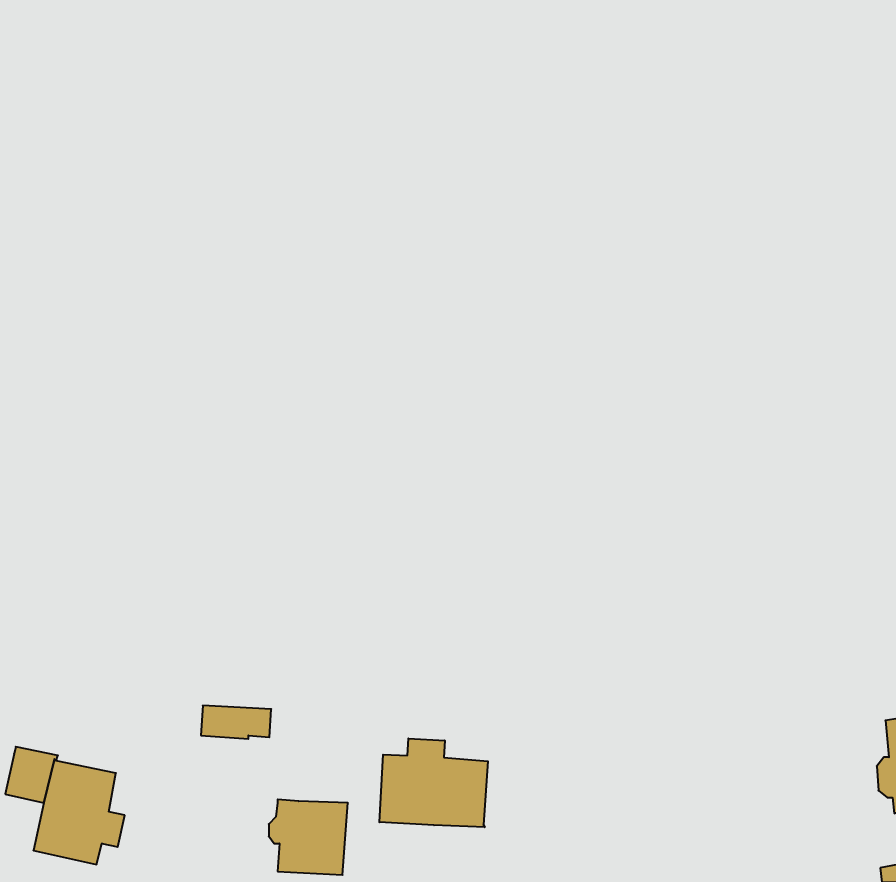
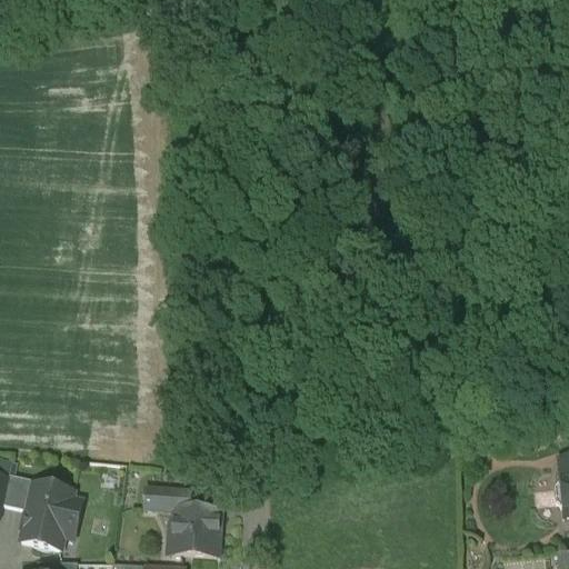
building: [201,706,271,739] -> [147,487,191,508]
building: [379,738,488,827] -> none

